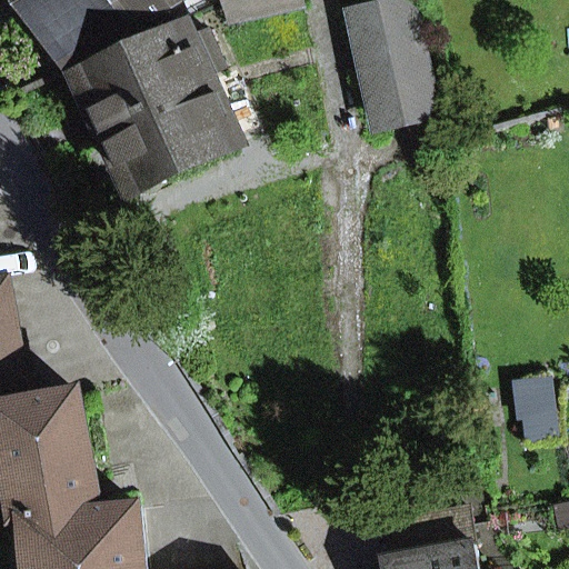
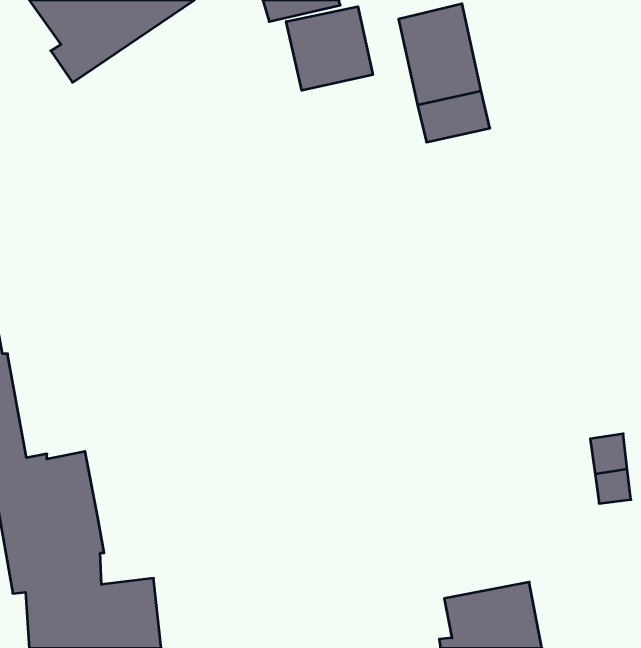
building: none -> [286,7,373,90]
building: [77,23,230,186] -> none

